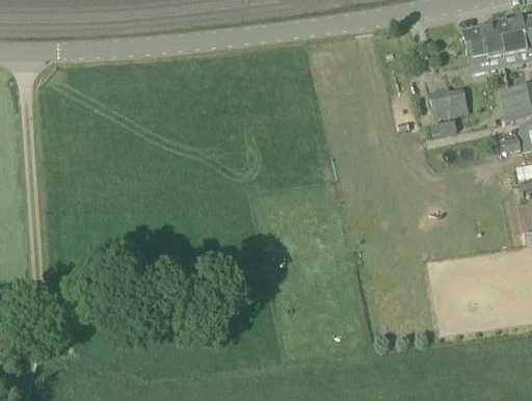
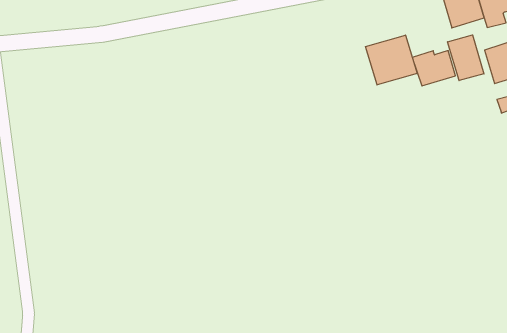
building: none -> [366,35,417,85]
building: none -> [448,35,484,81]

